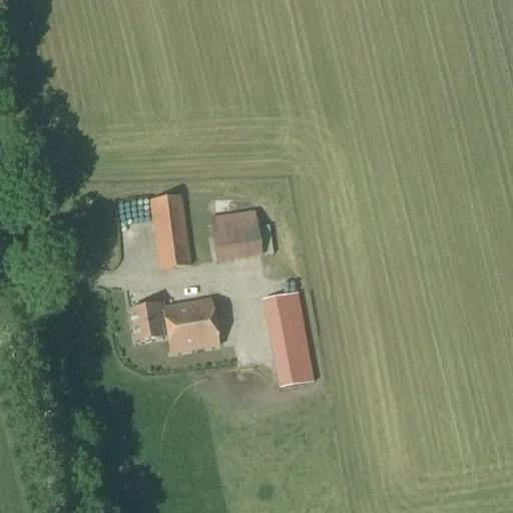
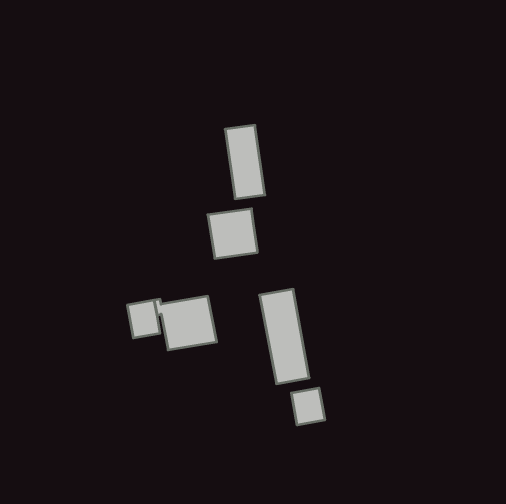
building: [151,194,191,269] -> [225,125,265,199]
building: none -> [291,388,325,425]

